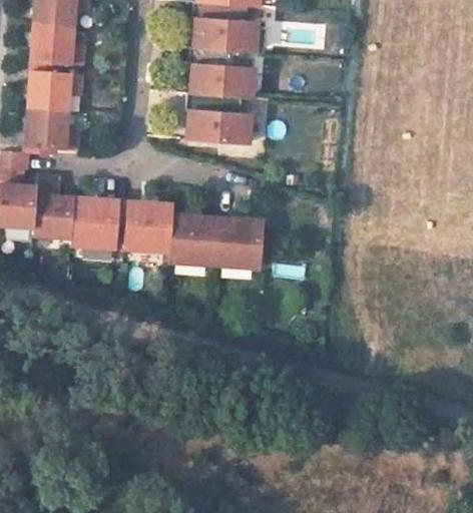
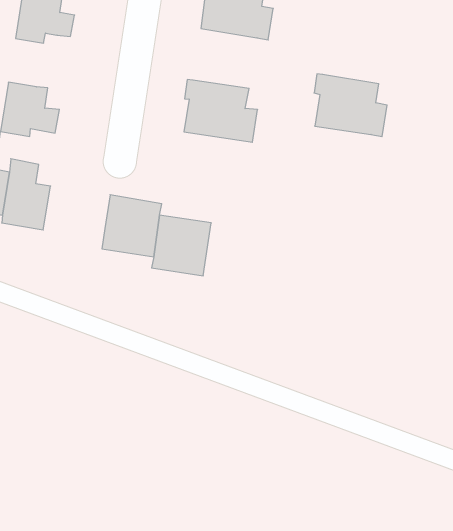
building: [188,47,254,97] -> [314,74,387,137]
building: [29,70,80,111] -> none
building: [71,197,127,247] -> none
building: [215,217,264,268] -> none

